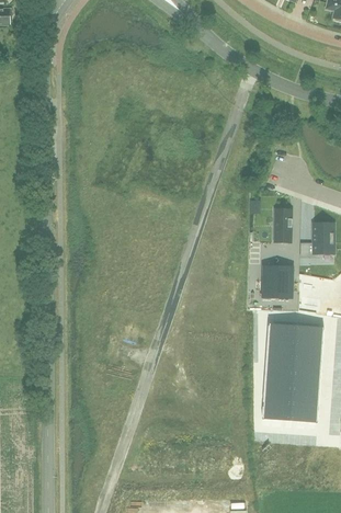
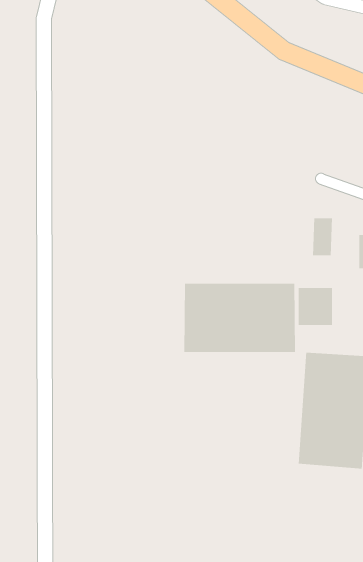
building: none -> [184,283,296,353]

